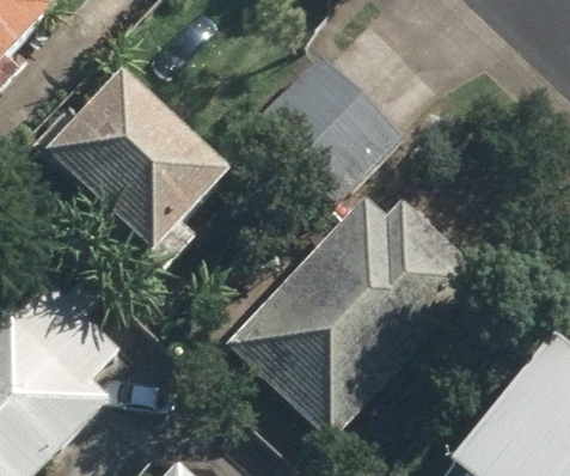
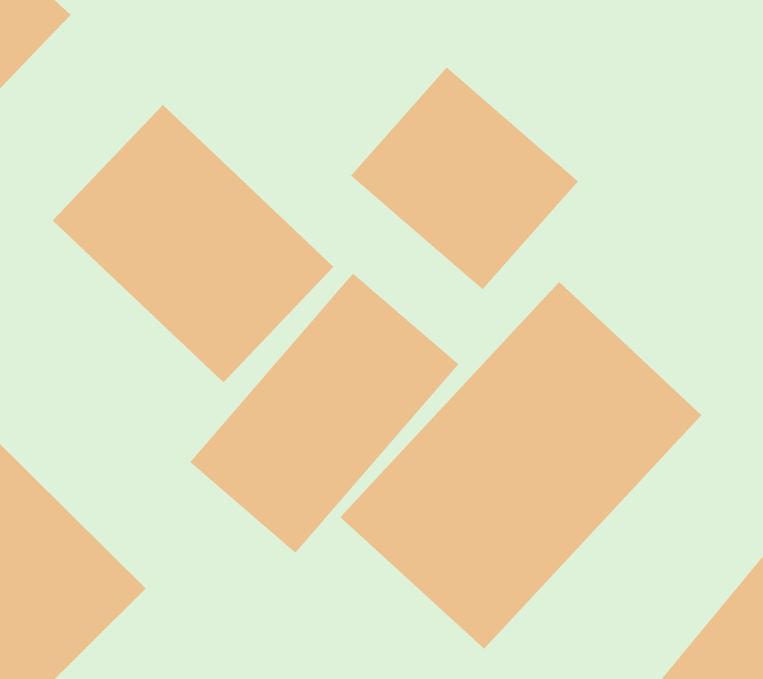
building: none -> [189,273,459,554]

